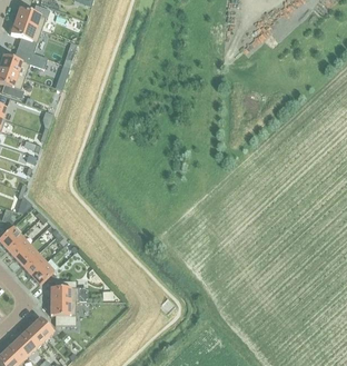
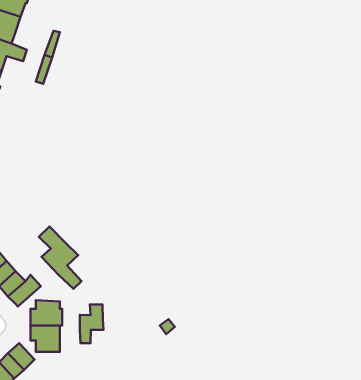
building: none -> [39,227,82,289]
building: none -> [80,305,104,343]

